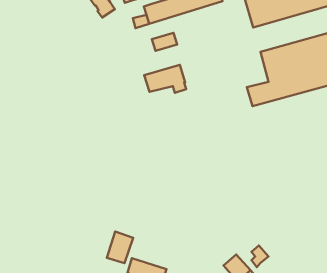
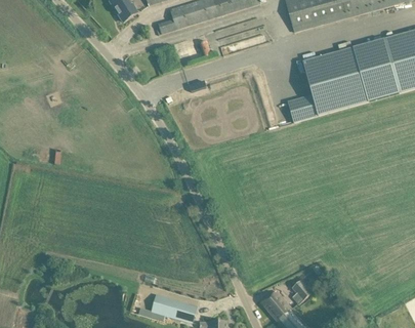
building: [144,65,186,93] -> none
building: [107,231,133,263] -> none

